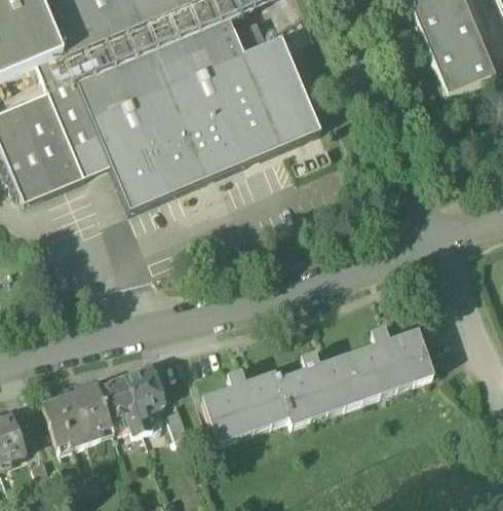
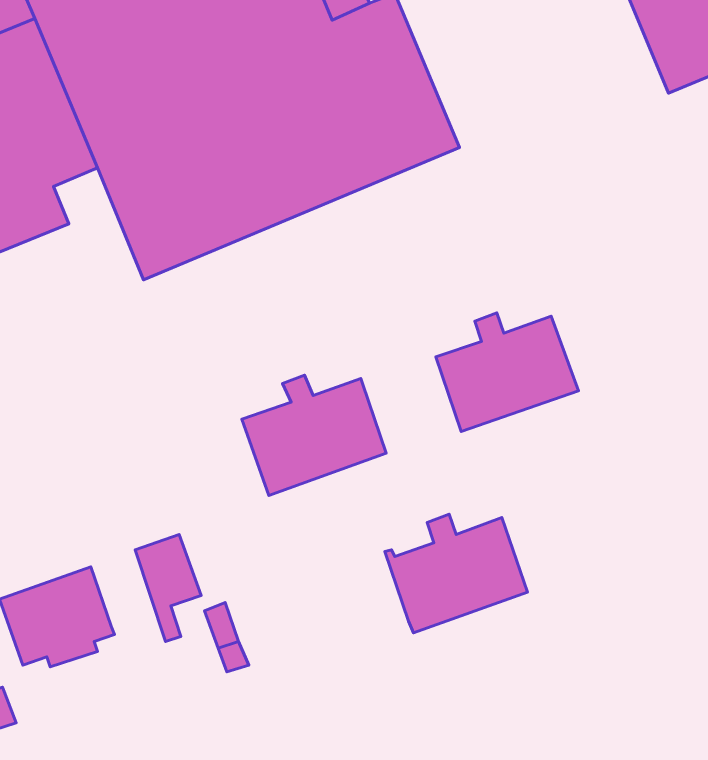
building: [76,141,112,175] -> none
building: [347,326,433,398] -> [436,313,578,432]
building: [203,368,291,441] -> [242,375,386,496]
building: [99,372,144,432] -> none

